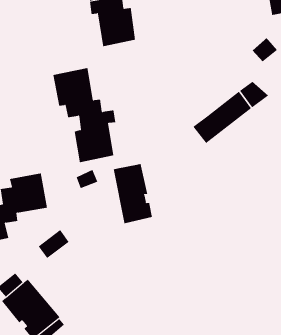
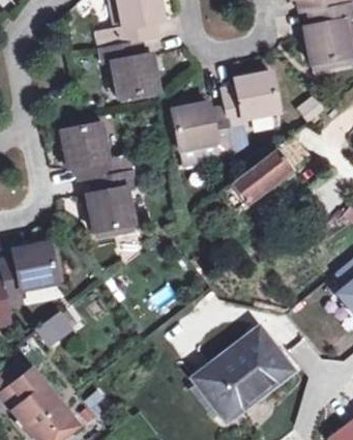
building: none -> [175,72,283,152]
building: [113,163,153,224] -> none
building: none -> [198,332,292,417]

